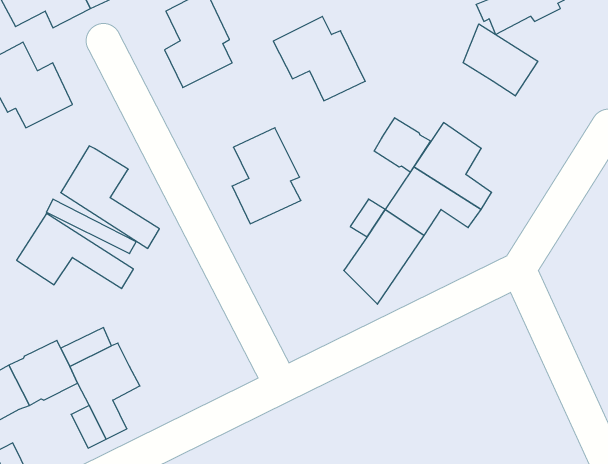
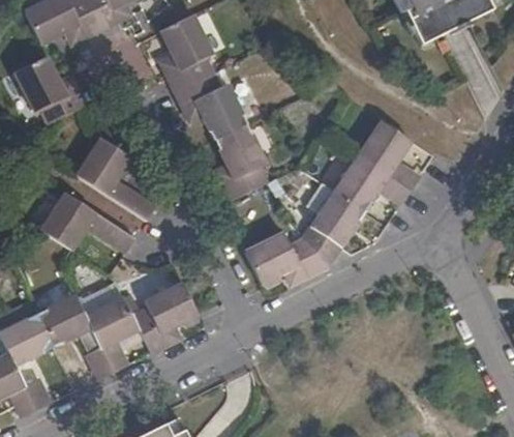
building: [273,16,365,101] -> [174,72,247,140]
building: [463,24,538,96] -> none
building: [374,118,430,172] -> none
building: none -> [244,231,329,287]
building: none -> [131,281,198,353]

